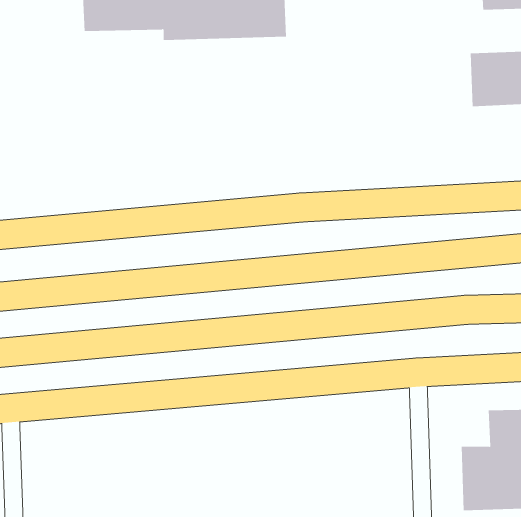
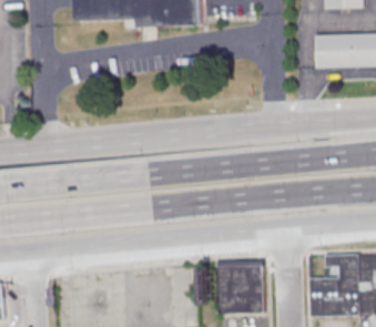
building: none -> [220,260,263,313]

